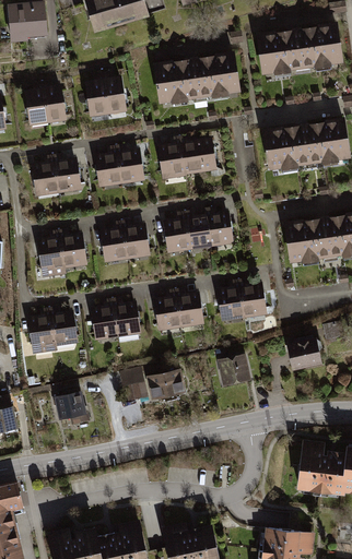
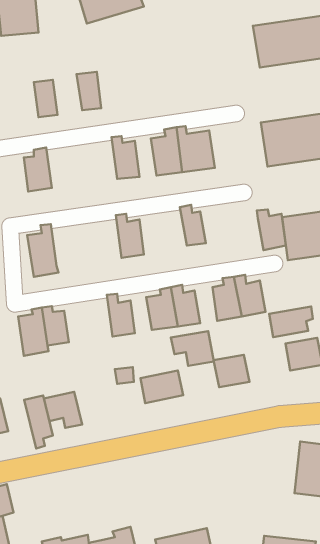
building: [153,53,240,105] -> none
building: [104,78,126,116] -> none
building: [25,91,47,127] -> none
building: [94,144,124,188] -> none
building: [55,153,82,193] -> none
building: [203,207,232,247] -> [257,209,286,250]
building: [163,212,191,253] -> none
building: [101,219,128,263] -> none
building: [59,227,89,269] -> none
building: [91,297,119,340] -> none
building: none -> [269,307,313,337]
building: none -> [171,331,214,366]
building: none -> [24,396,53,448]

